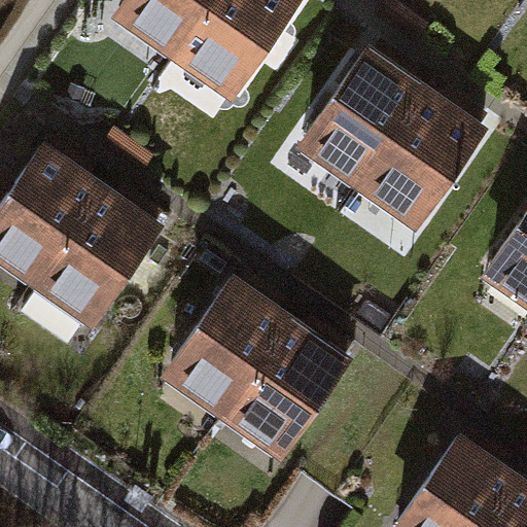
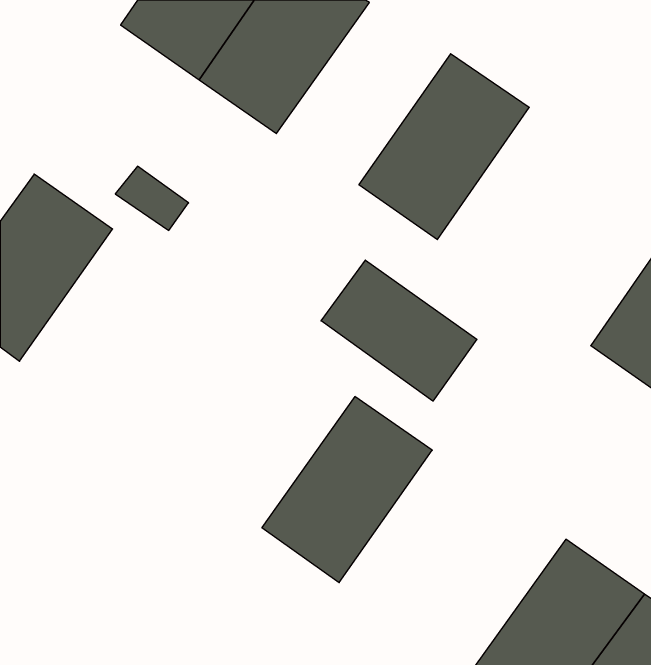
building: [358,87,491,234] -> none
building: [30,183,164,329] -> none
building: none -> [321,260,477,401]
building: [159,272,293,418] -> none

